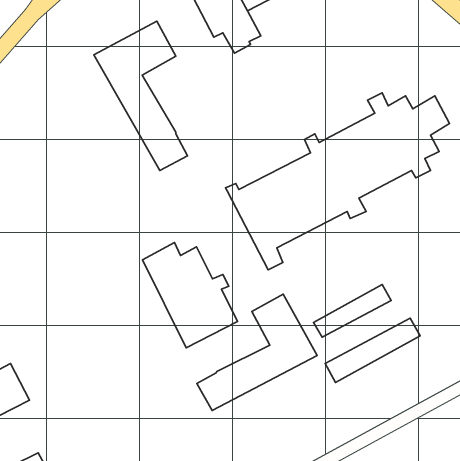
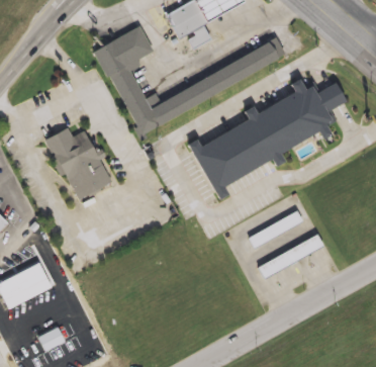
building: none -> [155,40,282,121]
building: [142,242,238,348] -> [48,126,113,199]
building: [197,294,317,411] -> none

